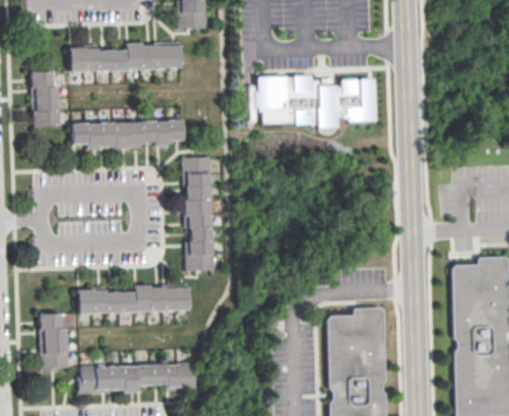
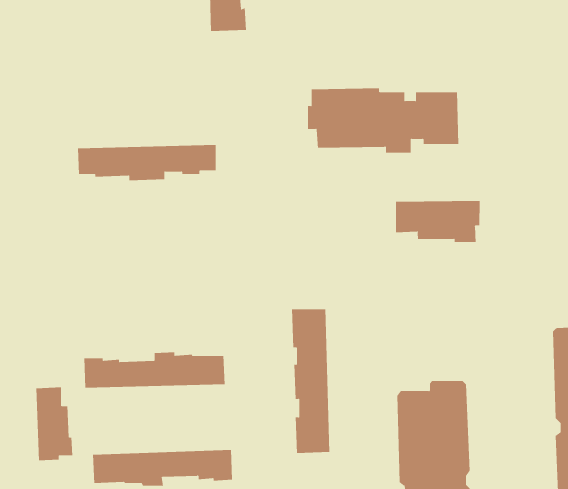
building: [70,43,182,72] -> none
building: [32,71,60,127] -> none
building: [183,156,214,271] -> [291,309,330,453]
building: none -> [395,200,480,243]

